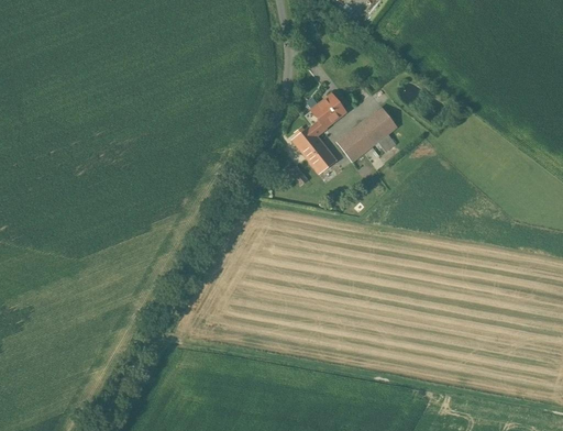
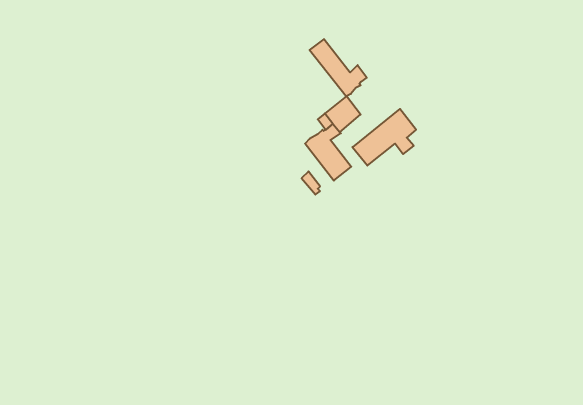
building: none -> [310,39,367,96]

